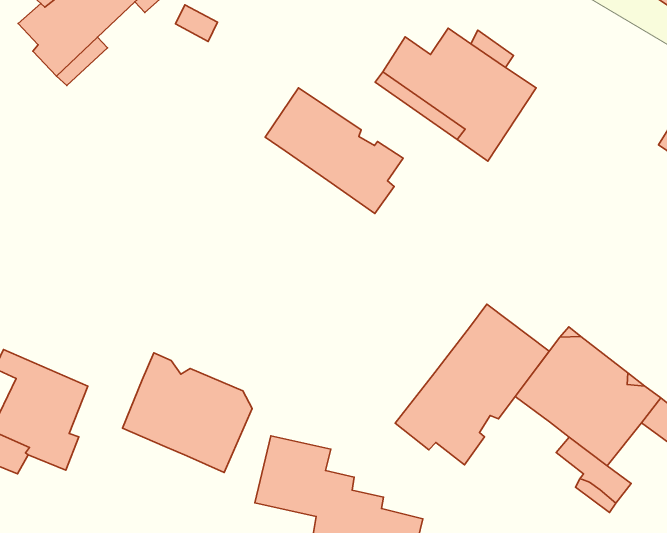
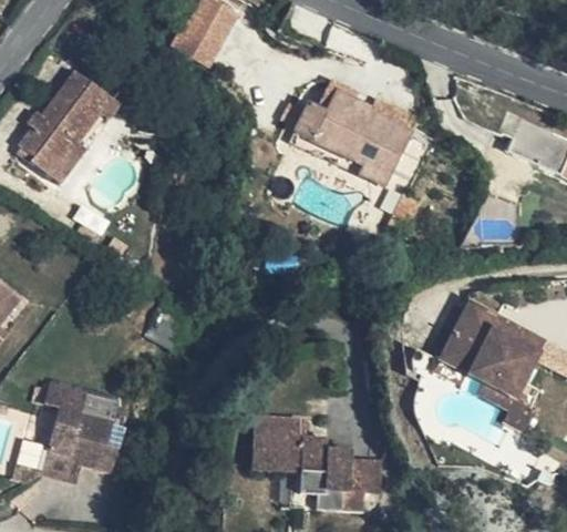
building: [265,88,403,213] -> none
building: [395,304,549,465] -> none
building: [123,353,252,473] -> none

